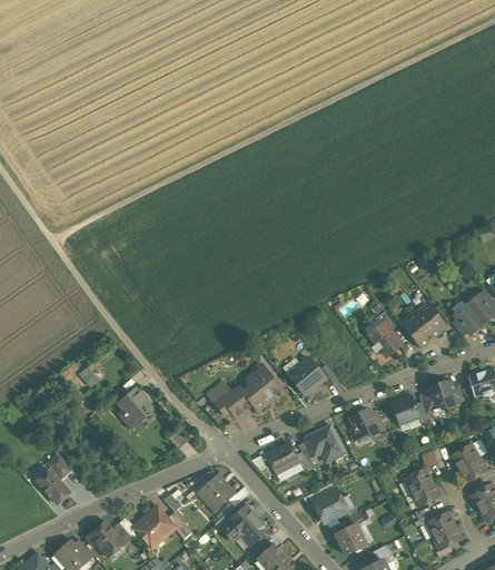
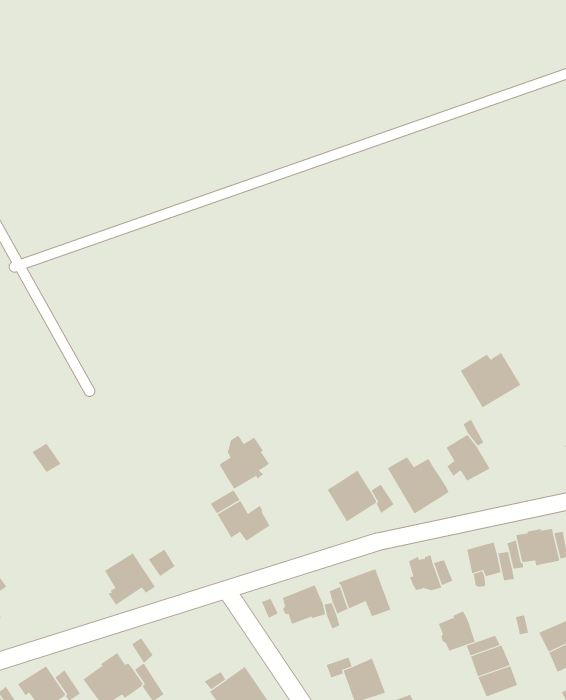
building: [402,306,446,347] -> [460,352,521,408]
building: none -> [387,456,450,514]
building: [245,372,280,411] -> [219,435,270,489]
building: [117,387,155,426] -> [104,552,156,606]
building: none -> [438,611,475,652]
building: [196,473,236,512] -> none

